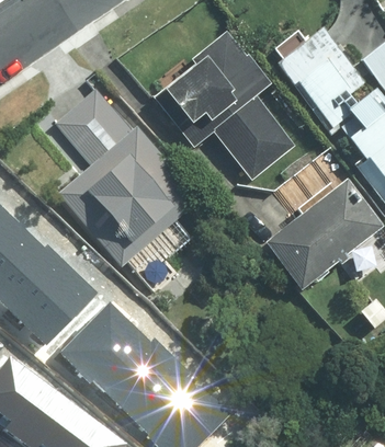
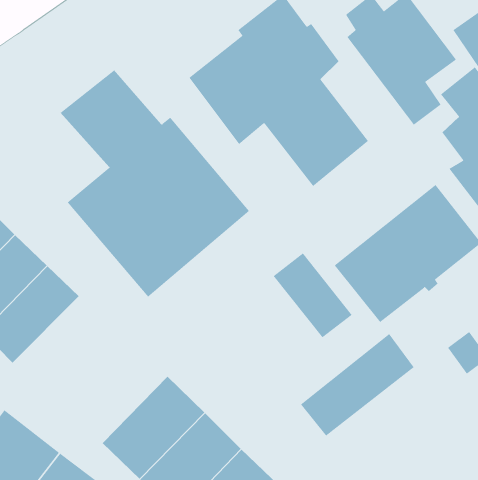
building: none -> [273,253,352,338]
building: [16,267,94,345] -> none
building: none -> [300,333,415,437]
building: [57,301,138,382] -> none

